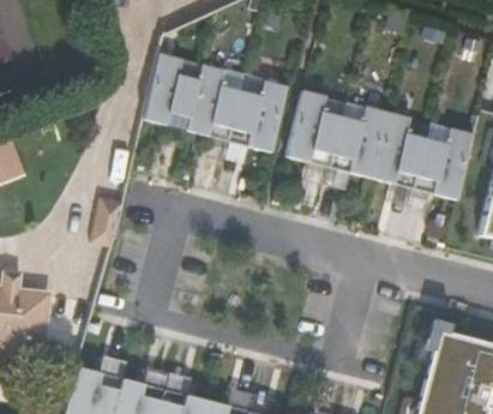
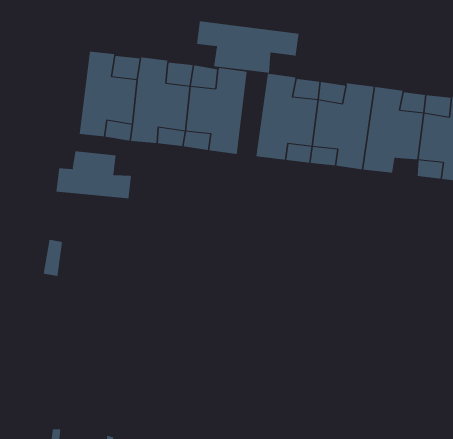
building: none -> [196,21,299,74]
building: none -> [56,150,131,199]

